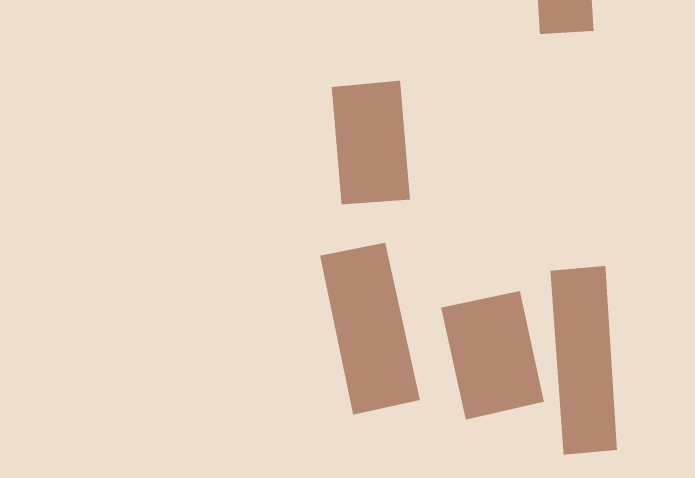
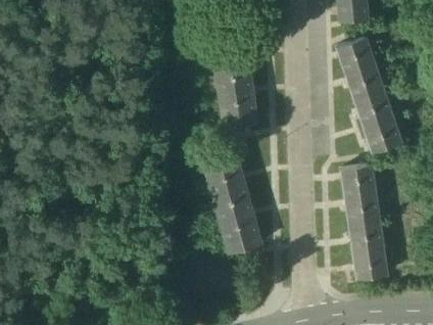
building: none -> [338,35,399,150]
building: [440,290,545,420] -> none

